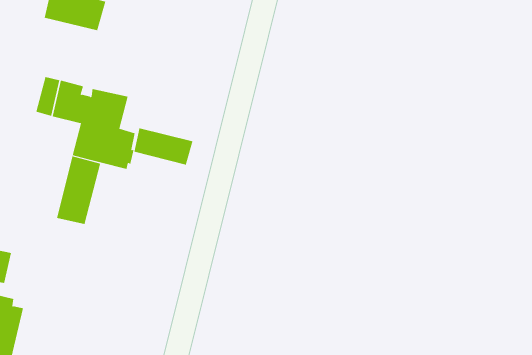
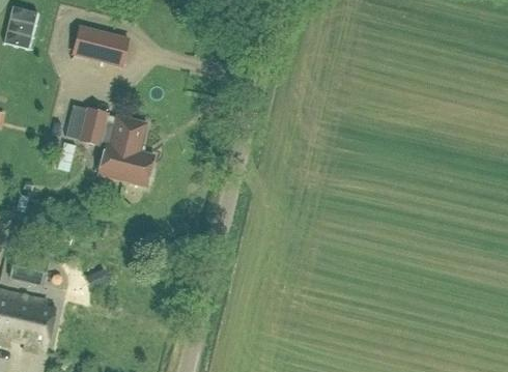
building: [134,128,193,166] -> none
building: [57,155,101,225] -> none

